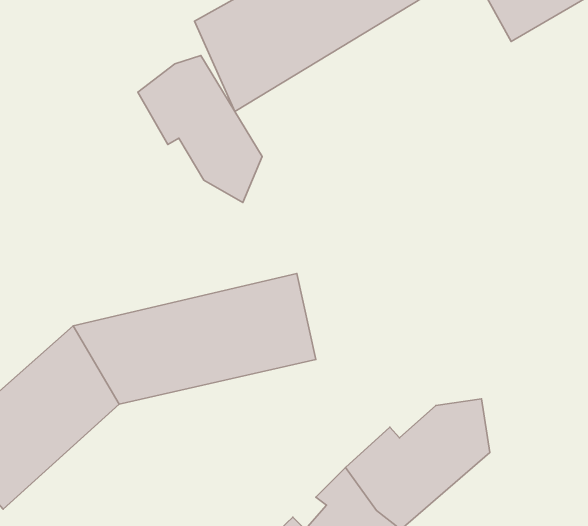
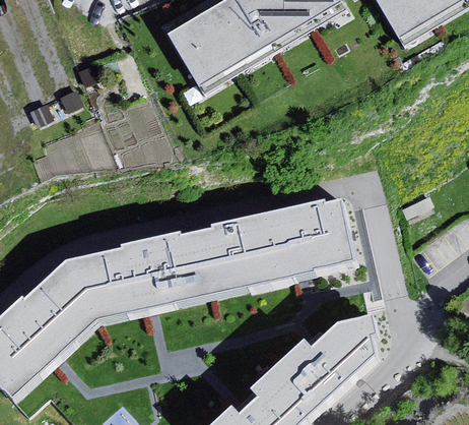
building: [138,55,262,203] -> none
building: none -> [237,198,357,285]

